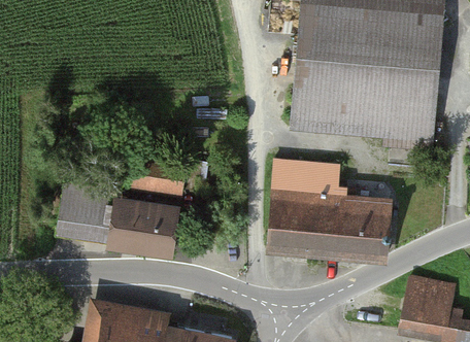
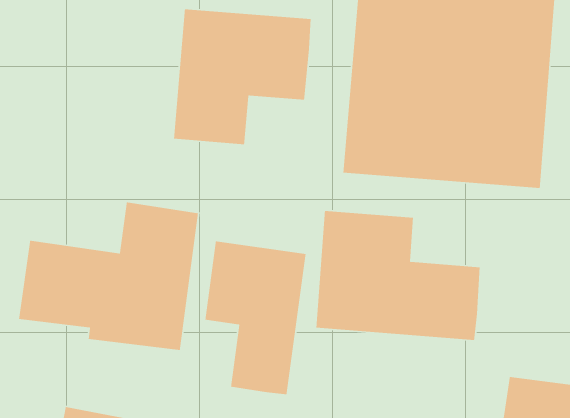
building: none -> [173,9,312,145]
building: none -> [205,240,306,395]

